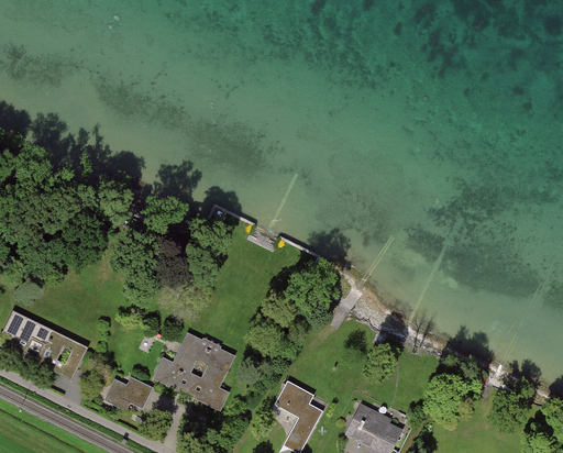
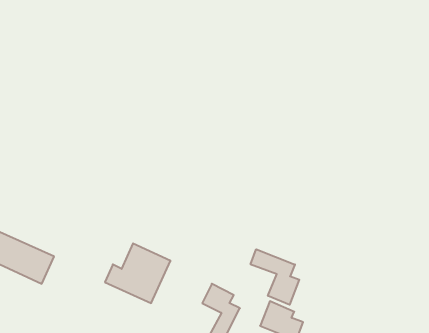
building: none -> [251,249,299,305]
building: [108,374,157,413] -> none

